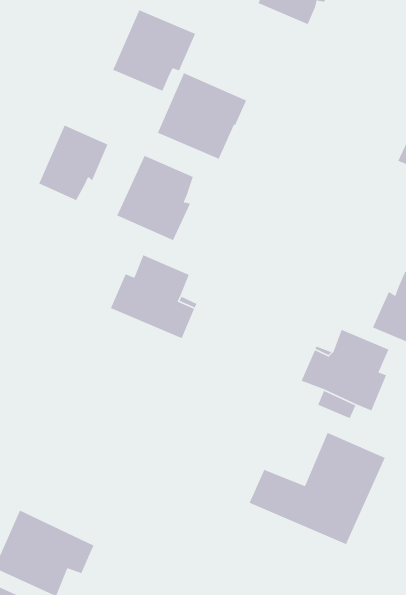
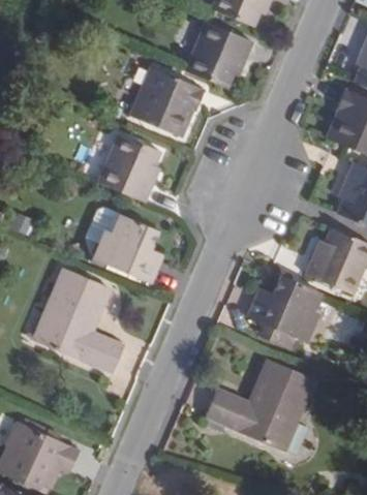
building: [112,9,196,92] -> [184,21,252,88]
building: [38,124,109,201] -> none
building: none -> [32,268,123,372]

